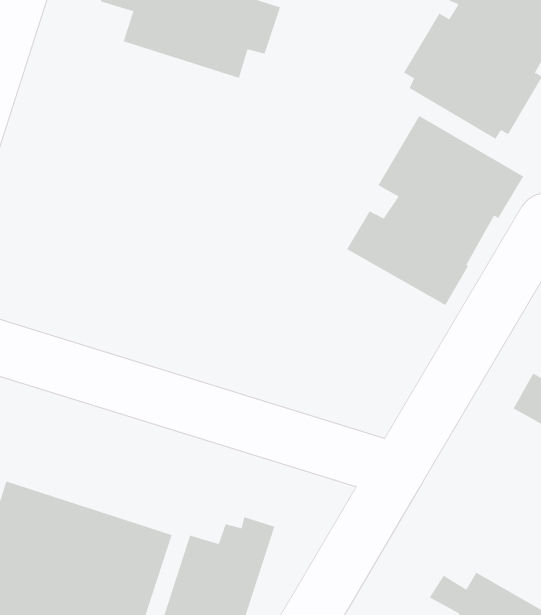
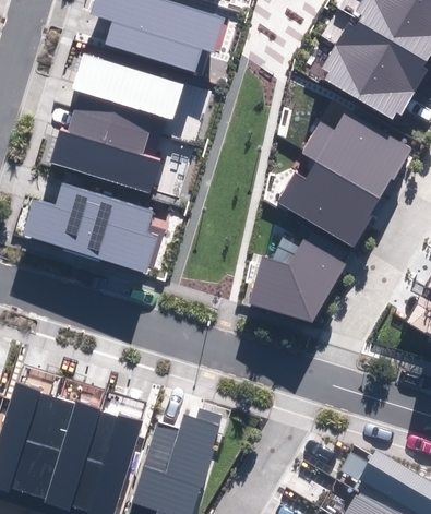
building: none -> [50,55,184,193]
building: none -> [22,182,157,273]
building: none -> [249,239,347,323]

